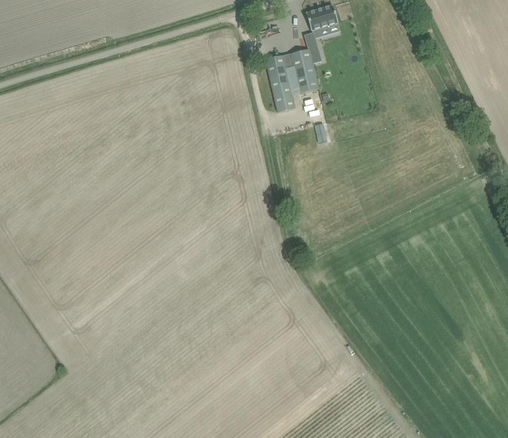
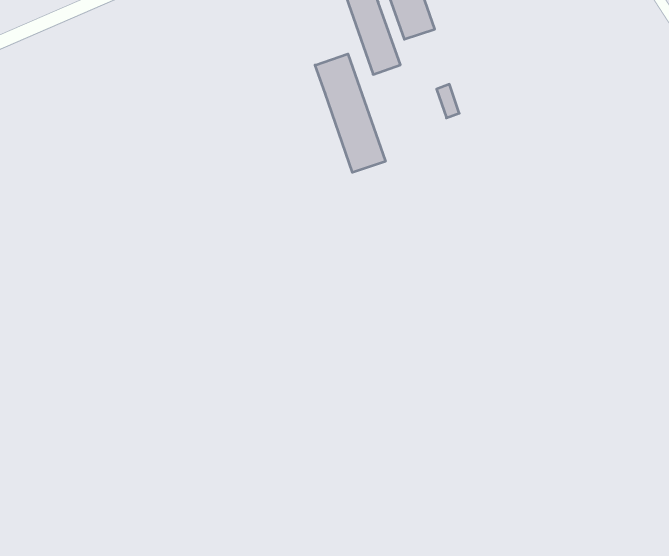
building: none -> [315,54,385,172]

